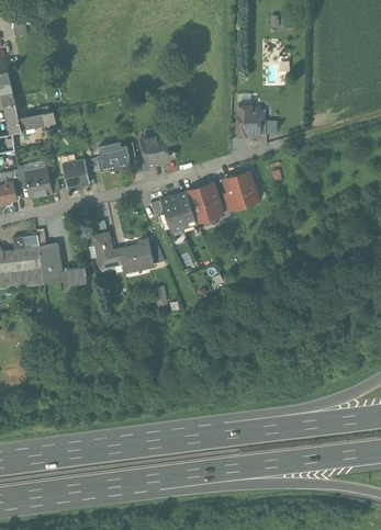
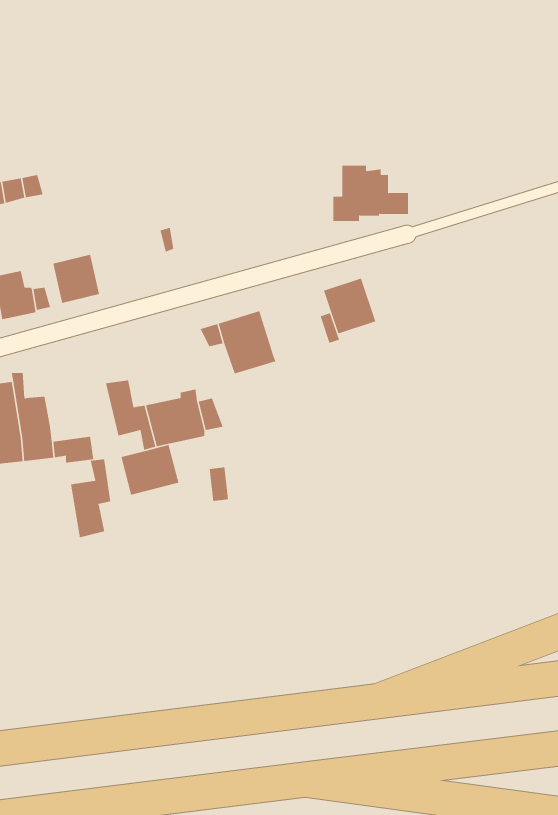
building: [142,132,169,165] -> none
building: [93,144,128,173] -> none
building: [187,183,222,219] -> none
building: none -> [121,444,179,496]
building: none -> [71,458,111,538]

